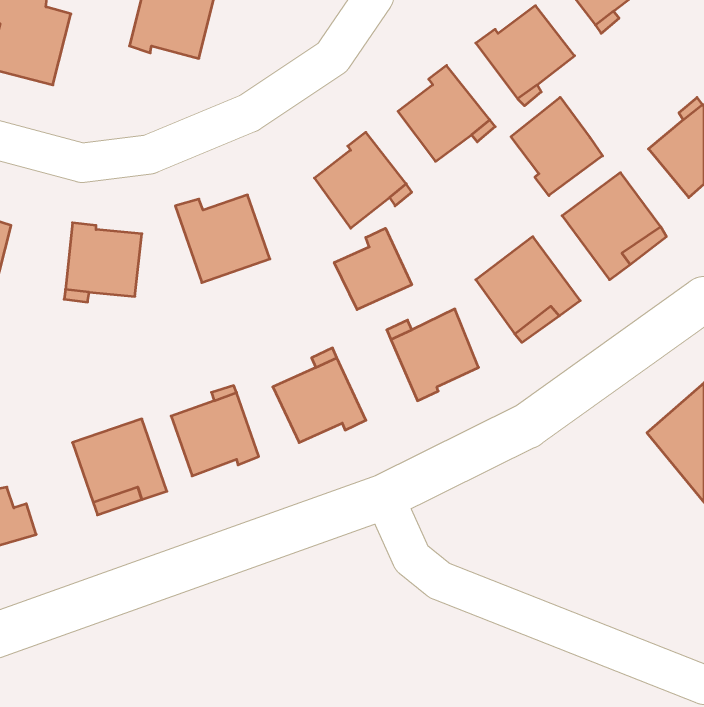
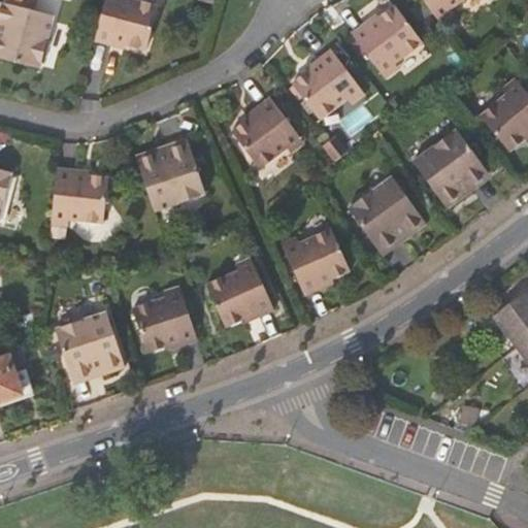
building: [511,97,603,196] -> none
building: [334,228,412,310] -> none

